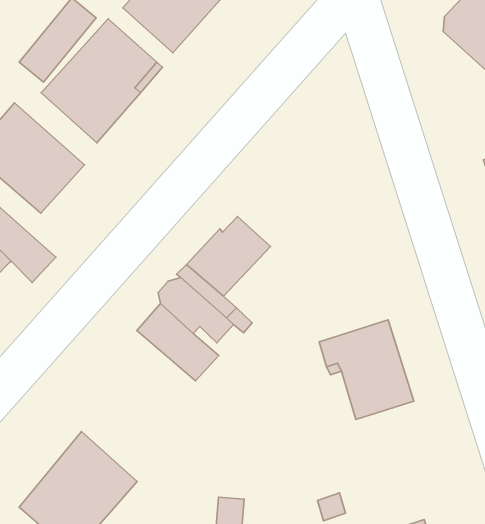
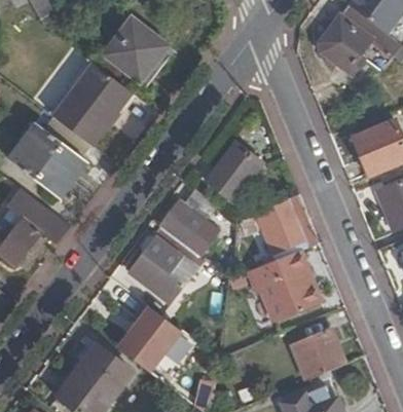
building: none -> [205,144,263,204]
building: none -> [255,194,318,259]
building: none -> [116,305,181,371]
building: none -> [291,328,344,378]

